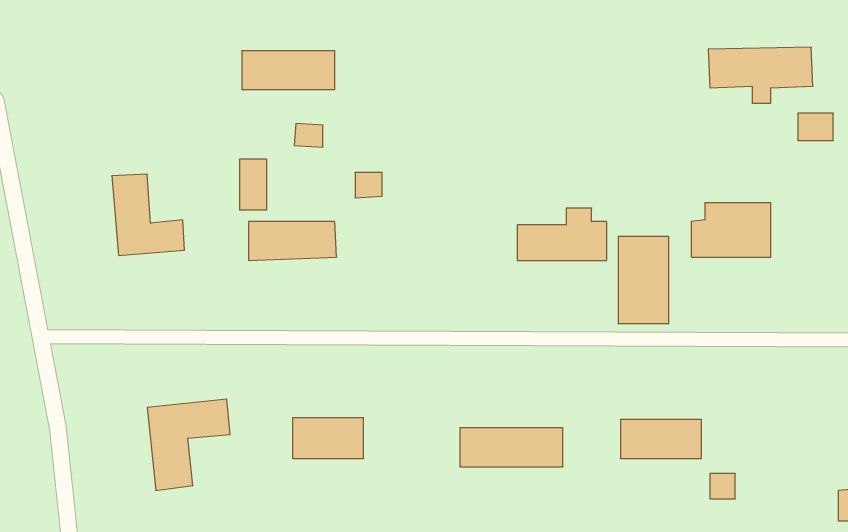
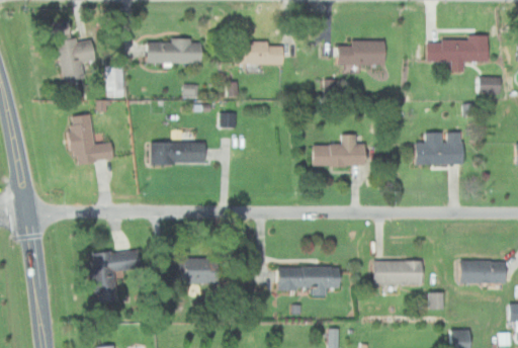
building: none -> [57,38,96,83]
building: none -> [339,41,386,65]
building: none -> [236,42,284,65]
building: [240,159,267,210] -> [106,67,122,97]
building: [618,236,669,324] -> none
building: none -> [459,261,506,283]

